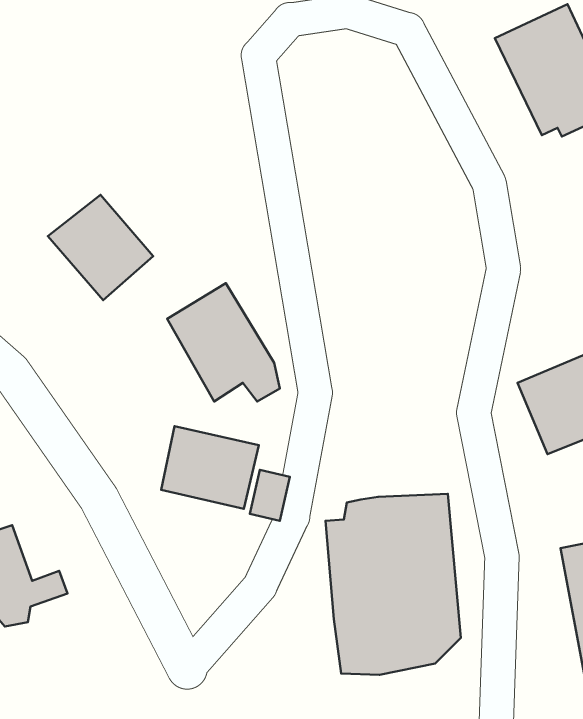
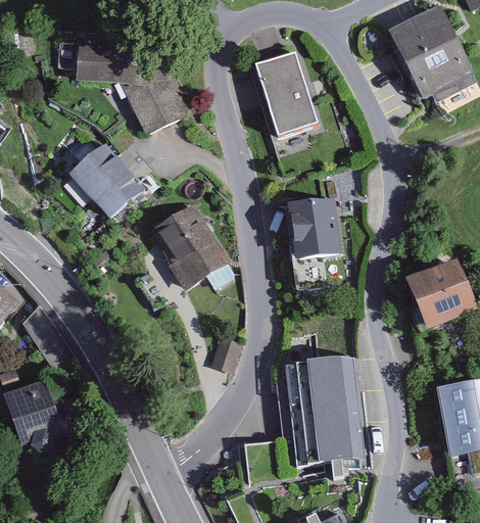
building: none -> [76,40,187,138]
building: none -> [255,49,317,133]
building: none -> [286,194,342,287]
building: [161,426,259,509] -> none

